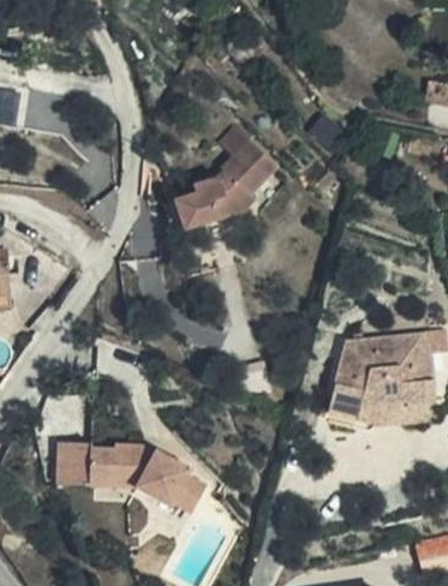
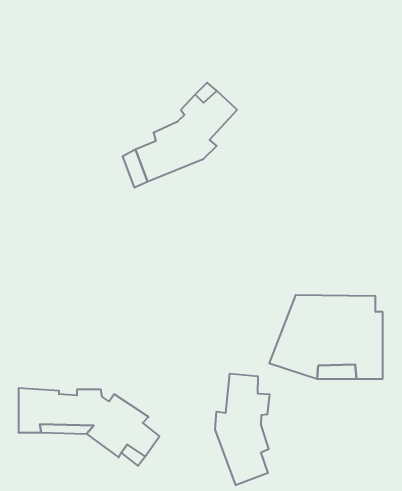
building: none -> [215,374,269,485]

